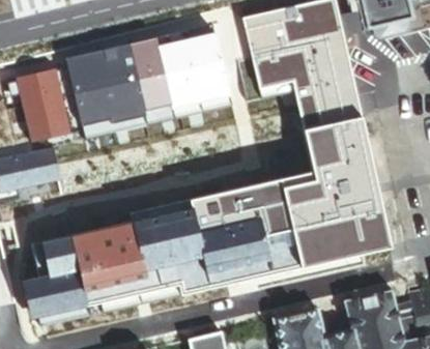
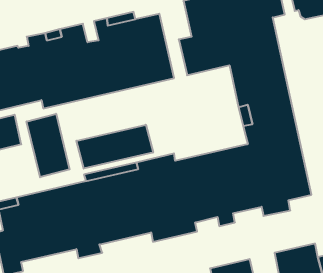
building: none -> [27,114,70,177]
building: none -> [76,125,153,169]

